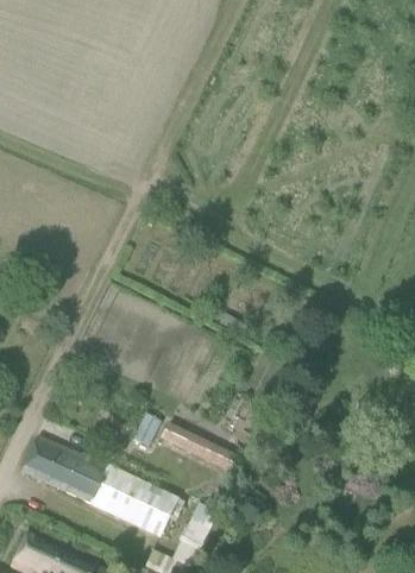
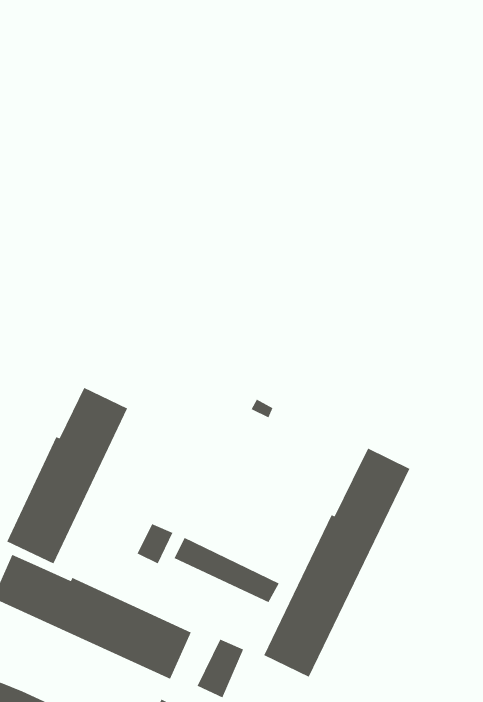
building: none -> [6,387,128,565]
building: none -> [263,447,410,678]

